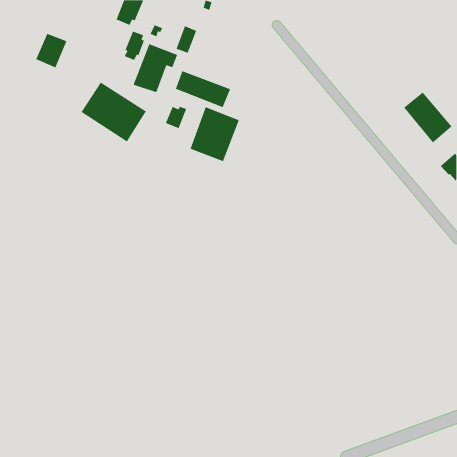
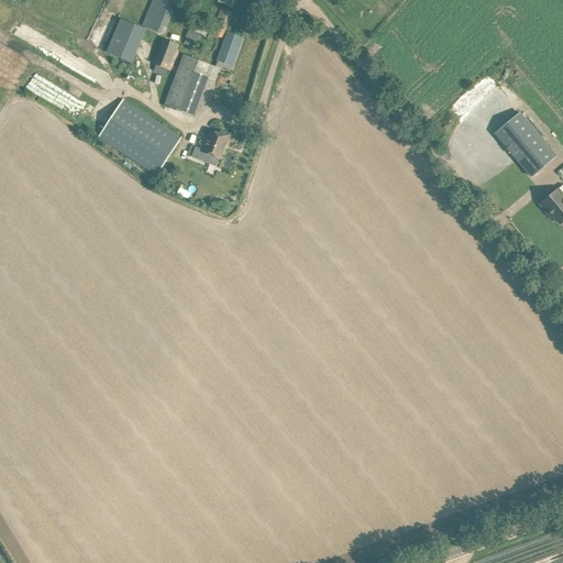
building: [35,33,68,69] -> [106,18,145,62]
building: [175,70,231,108] -> none
building: [189,106,240,162] -> none

